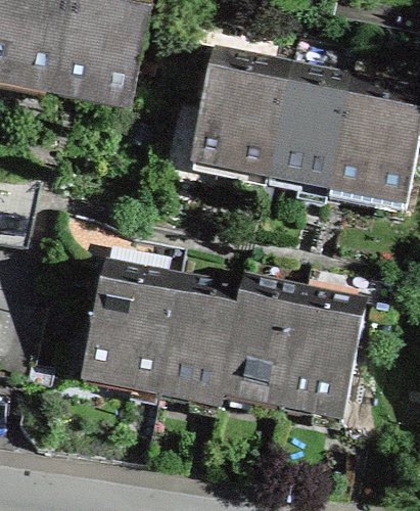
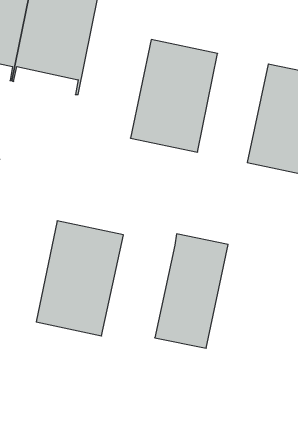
building: [267,67,349,195] -> none
building: [154,280,240,411] -> none
building: [277,291,363,425] -> none

